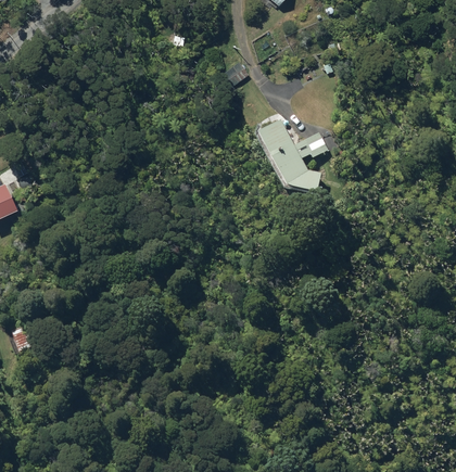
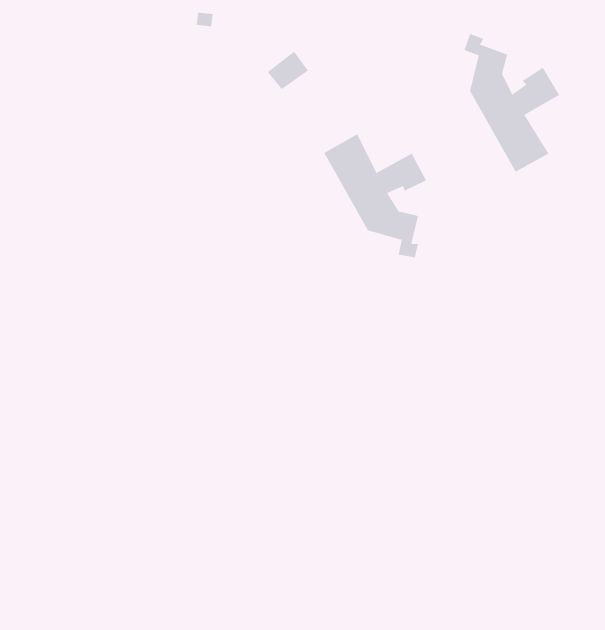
building: none -> [464,33,560,173]

